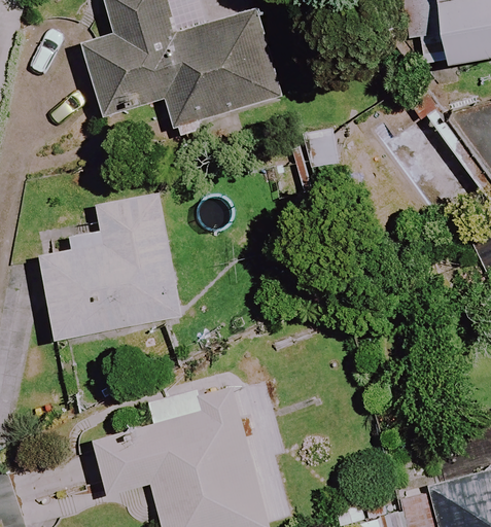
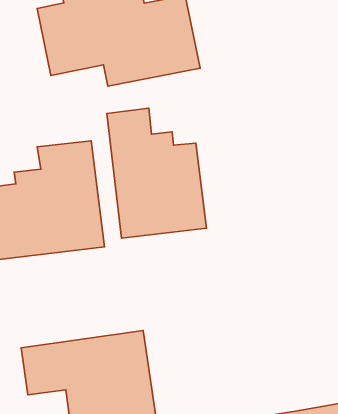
building: none -> [107,108,207,238]

